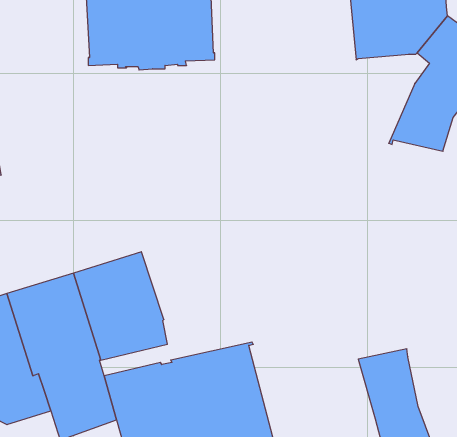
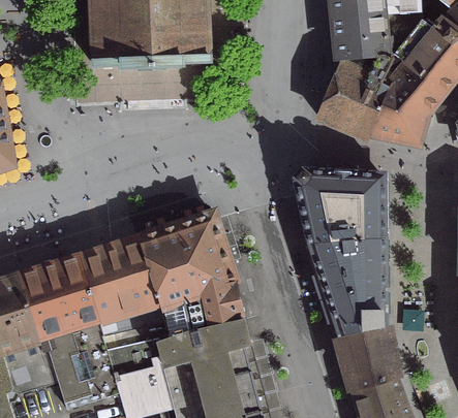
building: none -> [317,56,404,138]
building: none -> [295,171,384,335]
building: none -> [141,215,242,336]

